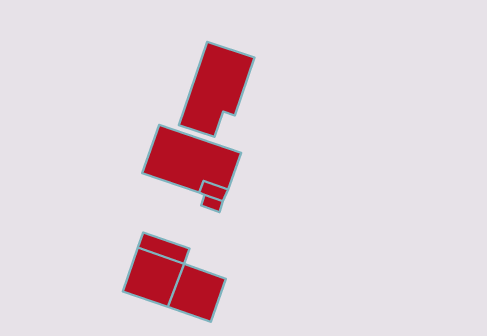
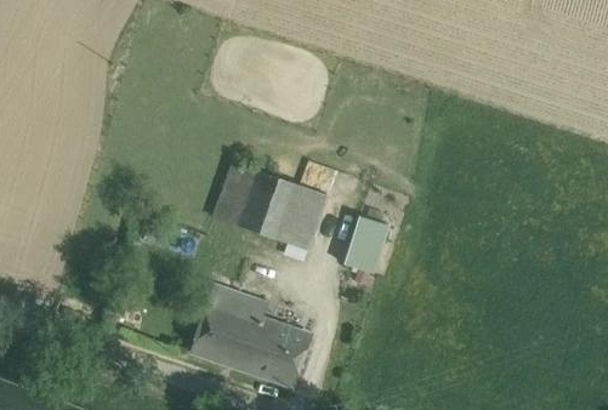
building: [179,42,255,137] -> none
building: none -> [343,217,390,274]

